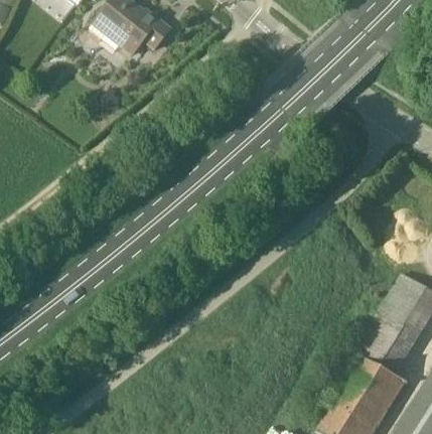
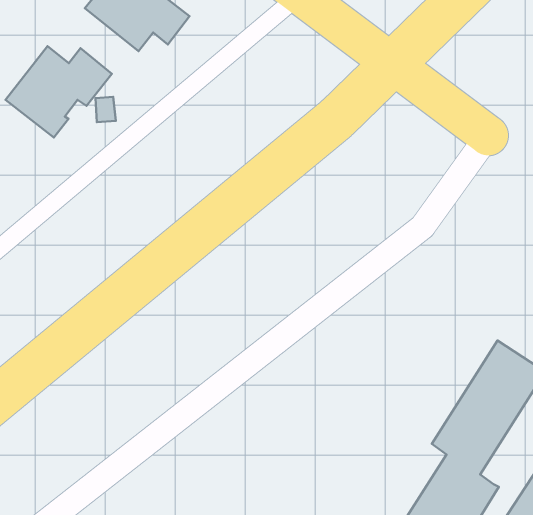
building: none -> [6,46,112,138]

